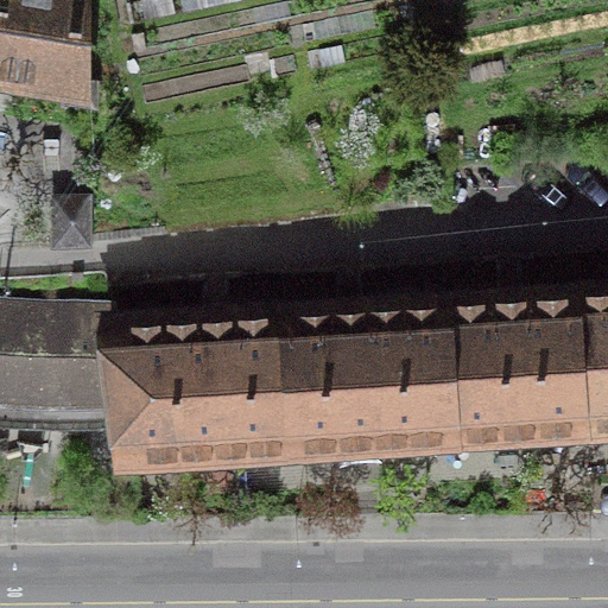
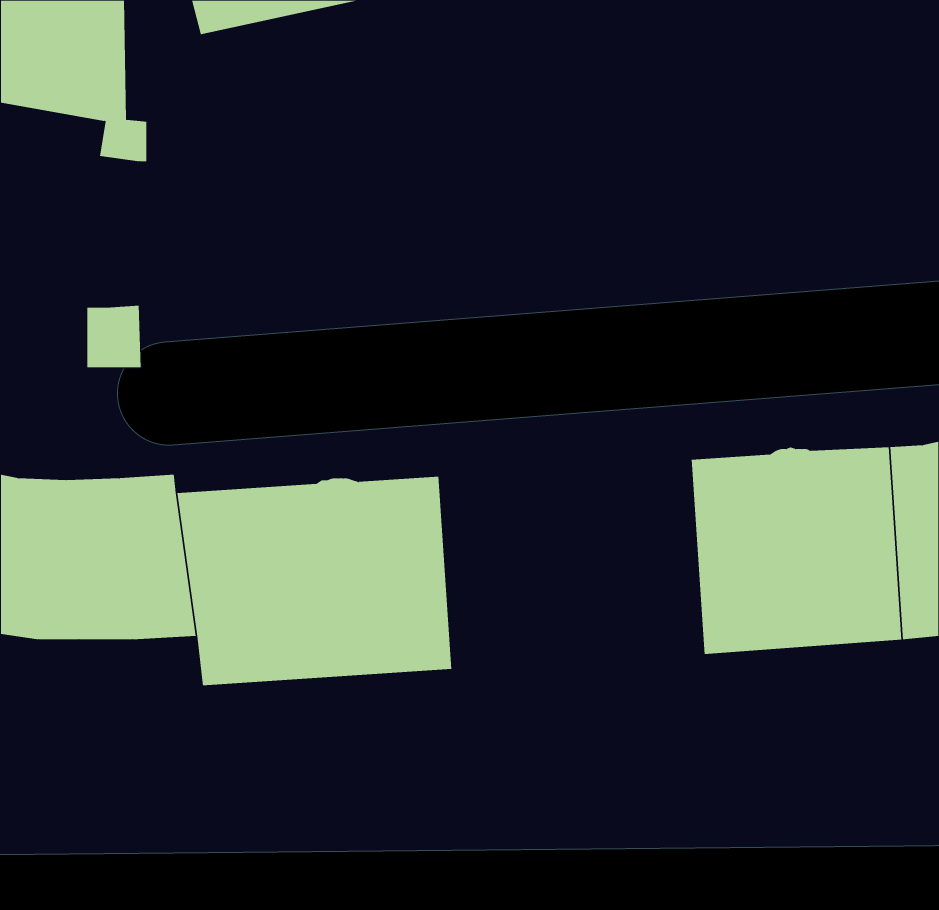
building: [284,316,455,451] -> none

